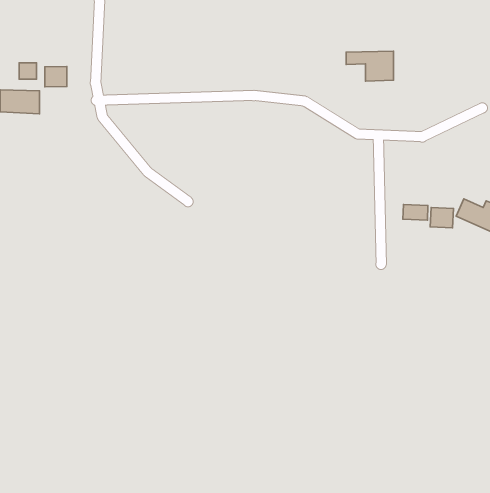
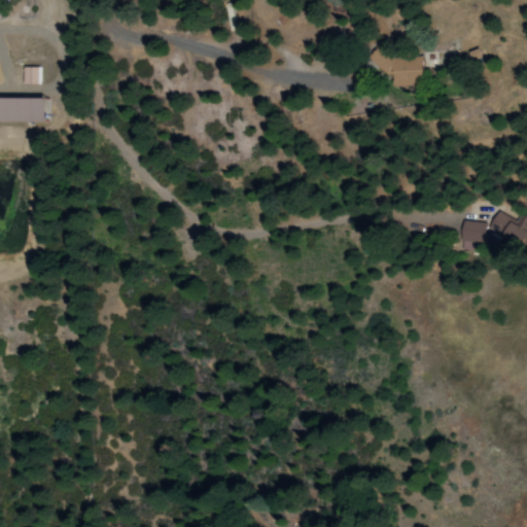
building: [45,67,67,87] -> none
building: [403,204,428,220] -> none

